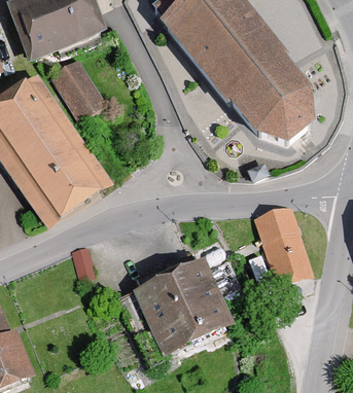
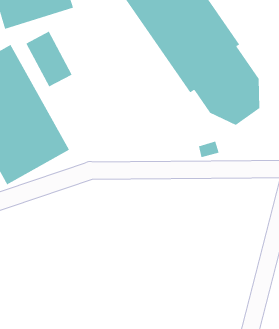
building: [255,205,314,286] -> none
building: [133,259,231,353] -> none

